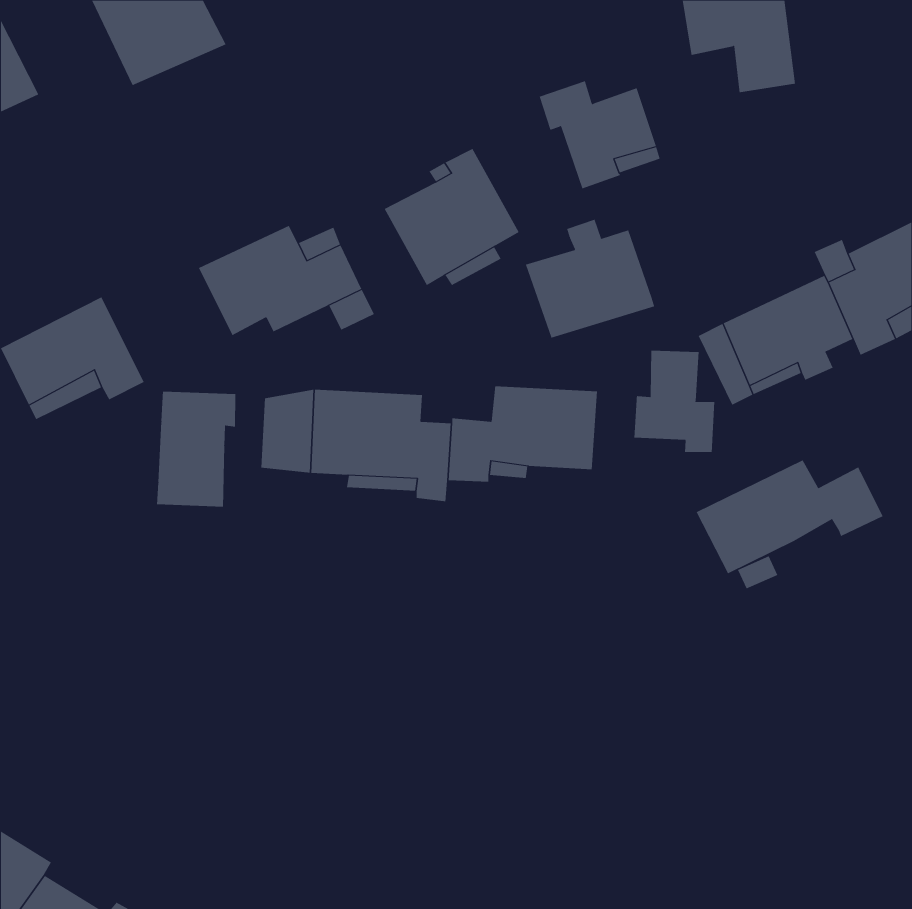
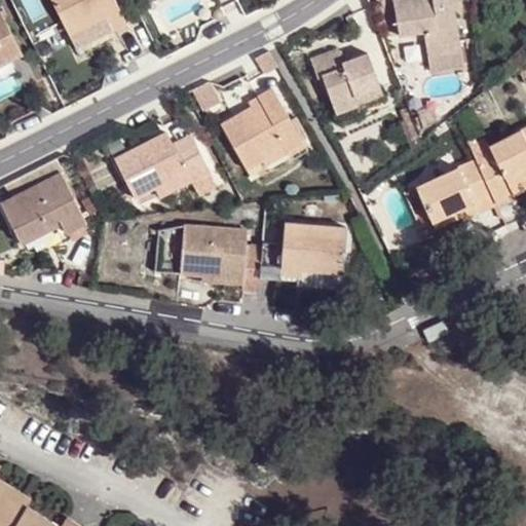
building: [525,219,655,338] -> none
building: [634,350,715,453] -> none
building: [156,391,236,508] -> none
building: [696,460,883,574] -> none

